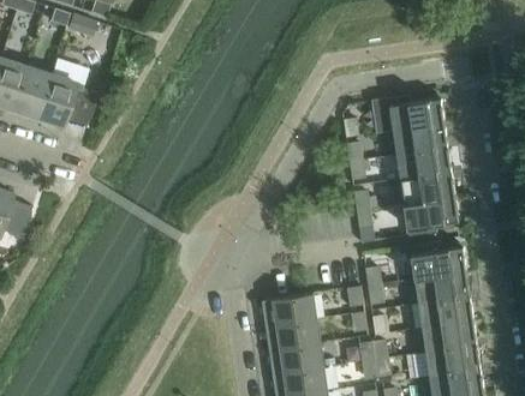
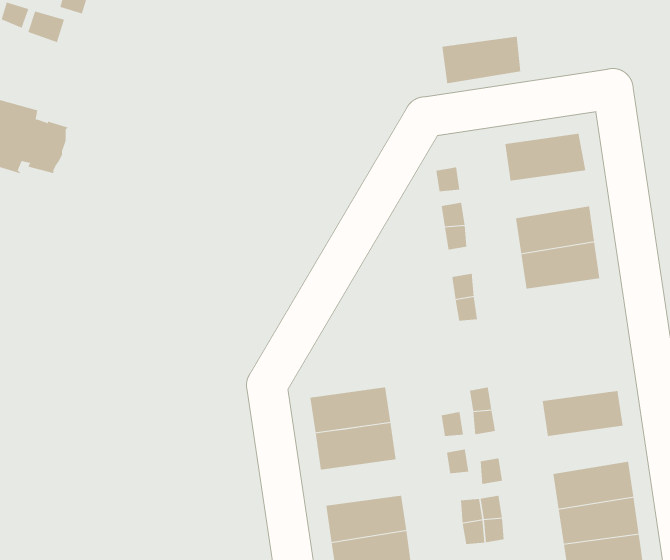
building: [393,122,447,155] -> [441,36,521,84]
building: [404,196,459,236] -> none
building: [410,241,466,278] -> none
building: [418,295,473,328] -> none
building: [264,318,320,349] -> [310,387,391,433]

